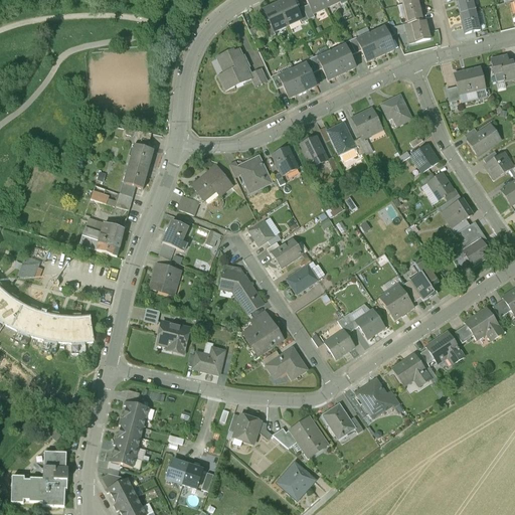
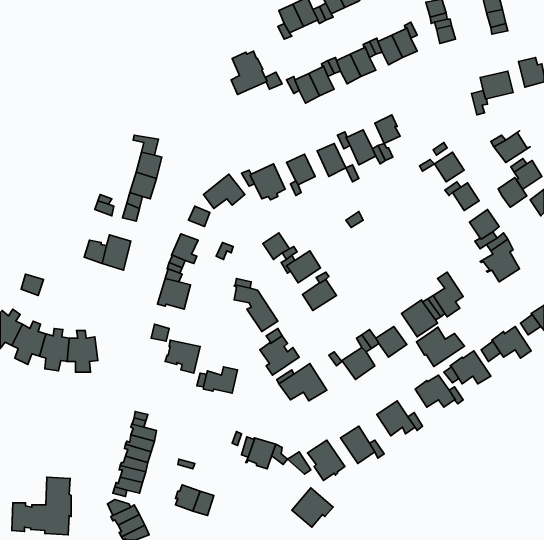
building: [381,95,410,125] -> none
building: none -> [498,178,527,207]
building: none -> [416,327,464,367]

